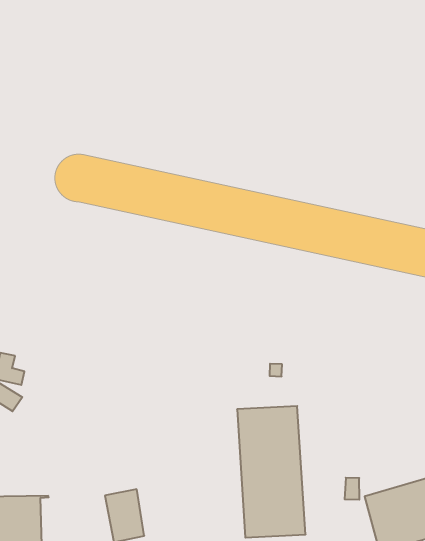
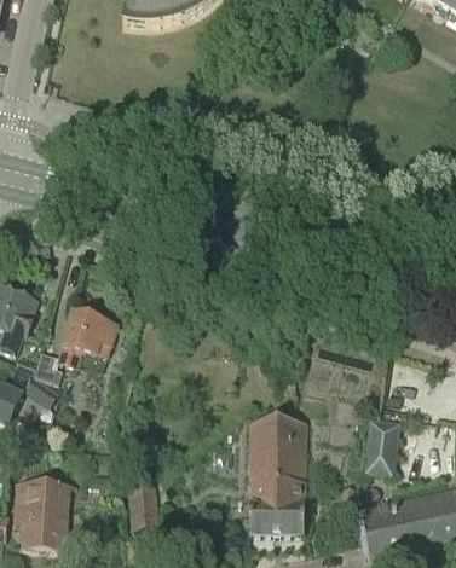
building: none -> [58,307,115,364]
building: none -> [363,415,399,473]

